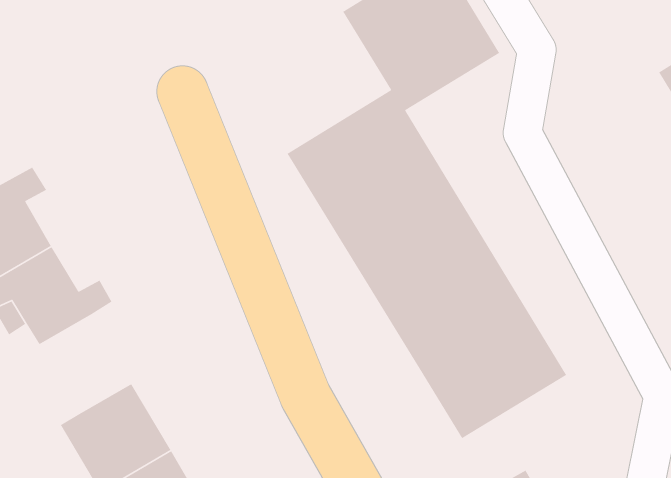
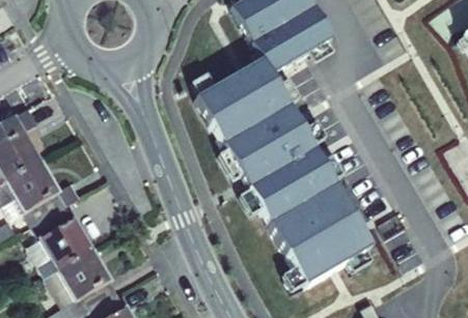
building: none -> [31,205,91,269]

